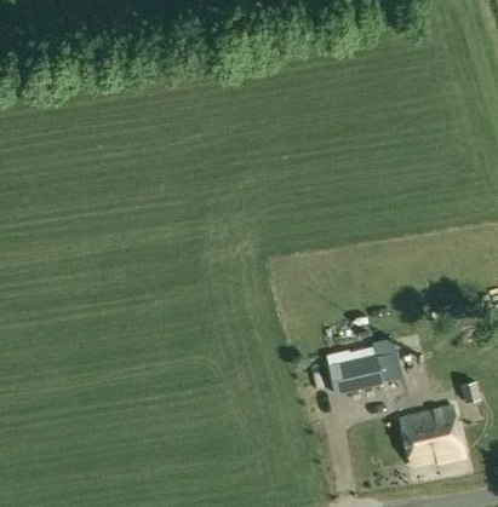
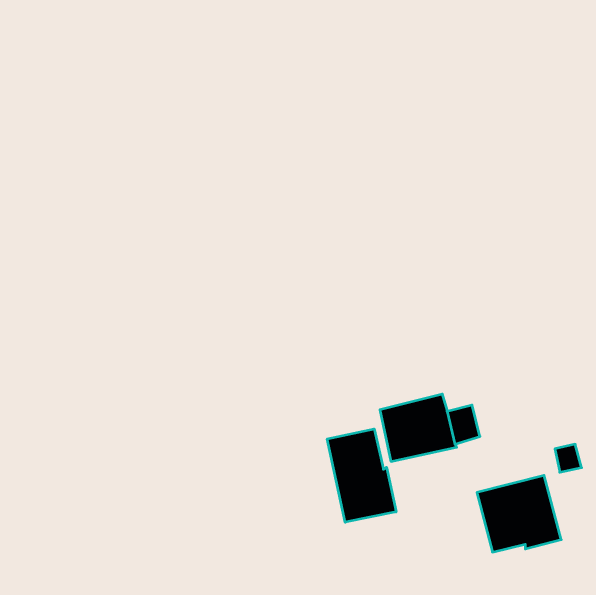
building: none -> [327,429,396,522]

